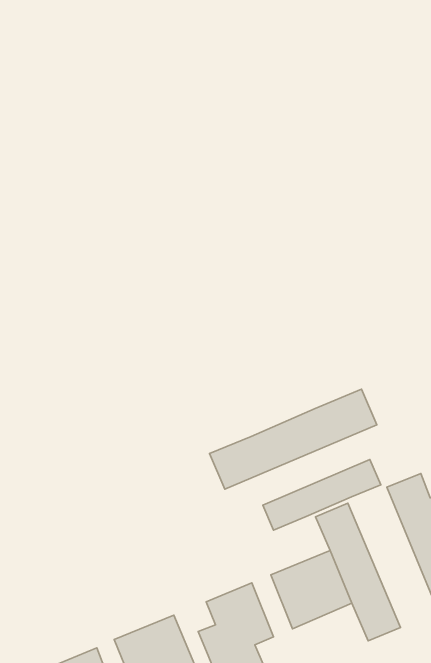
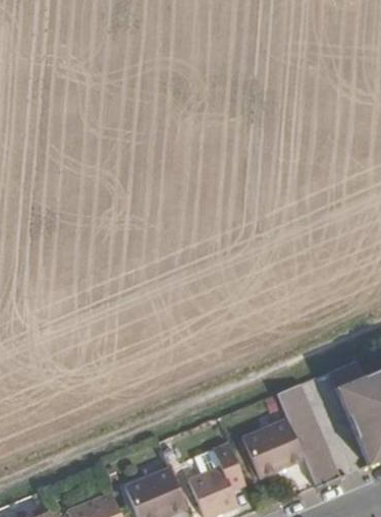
building: [210,389,377,489] -> none
building: [263,460,381,530] -> none

